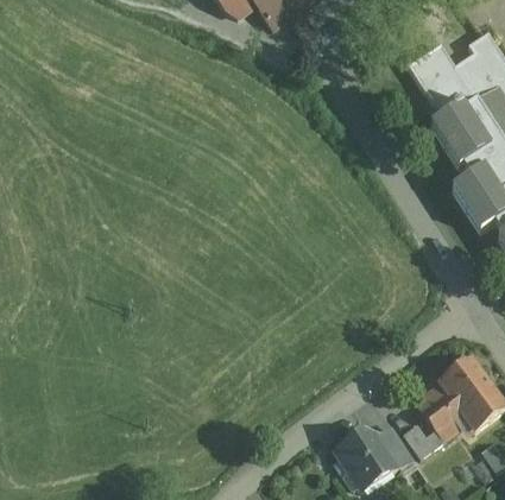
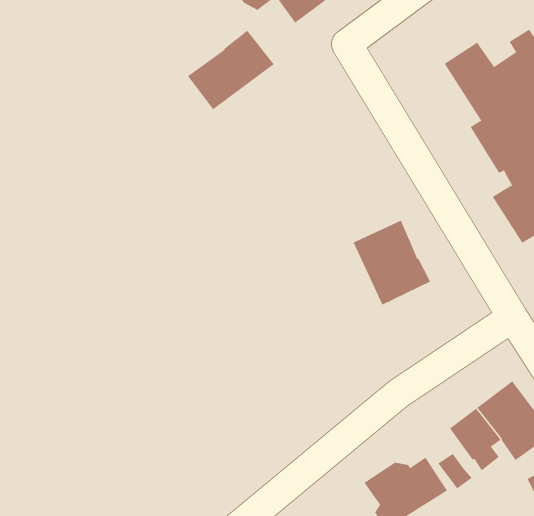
building: none -> [187,30,275,110]
building: none -> [353,220,431,305]

